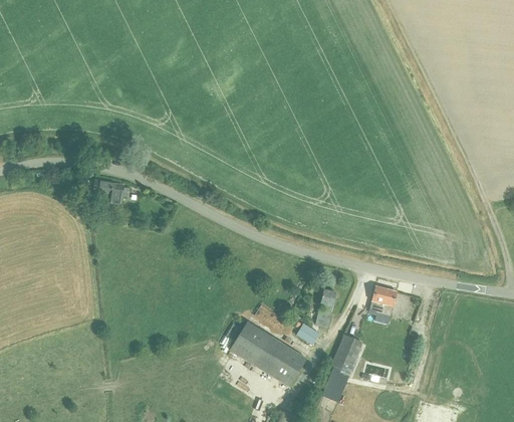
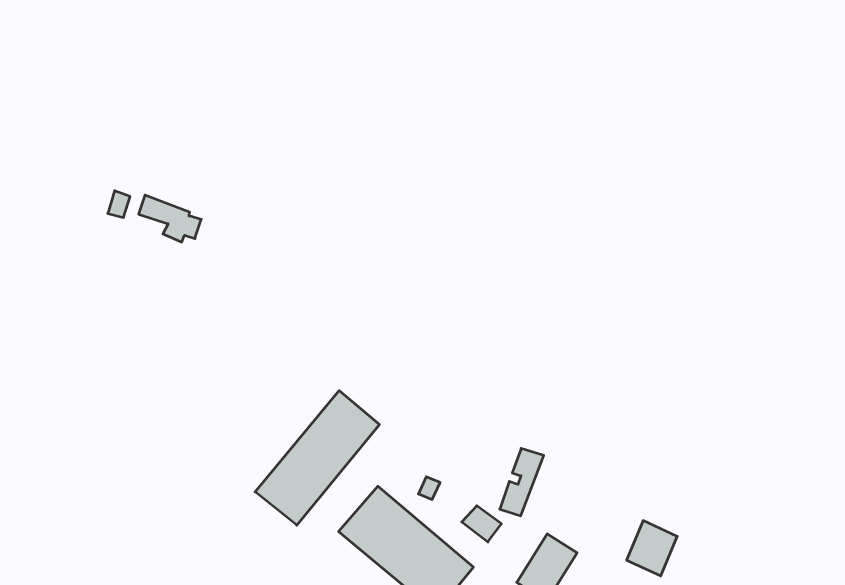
building: none -> [255,391,379,525]
building: [369,286,396,315] -> [627,521,677,576]

